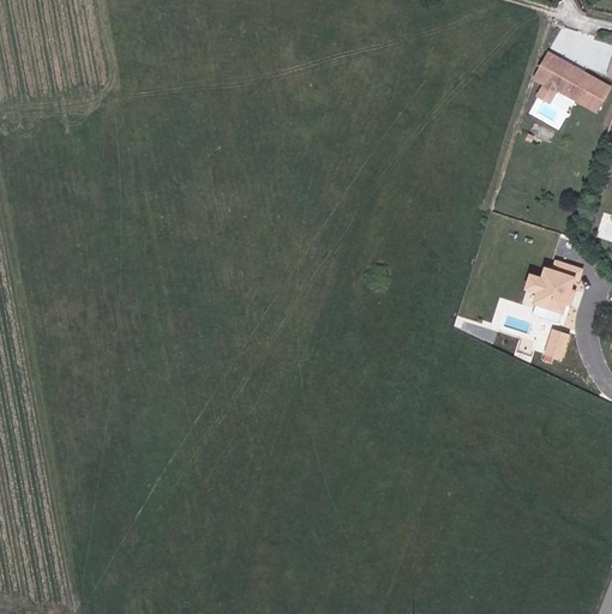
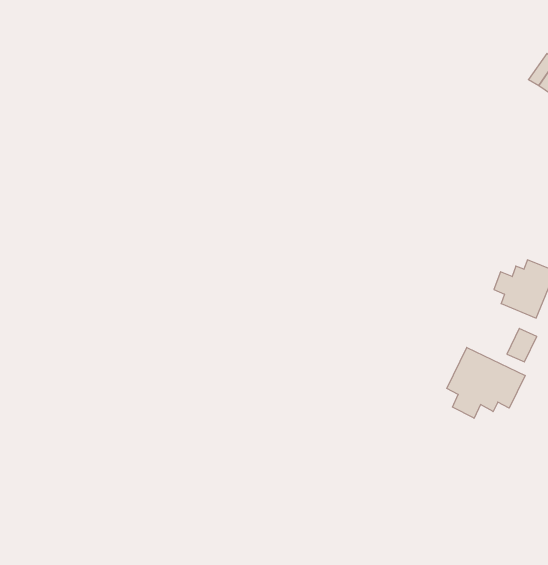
building: none -> [447,347,525,418]

